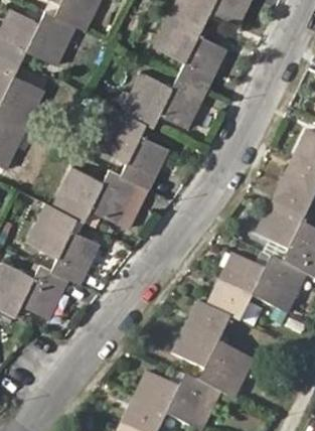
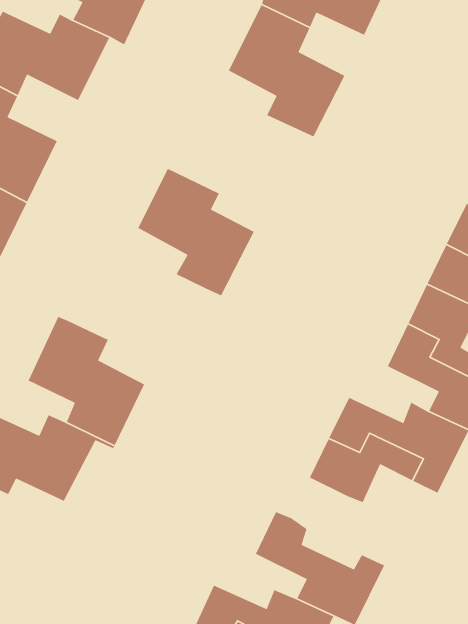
building: [122,69,208,127] -> none
building: [53,165,139,225] -> none
building: [184,299,239,361] -> none

